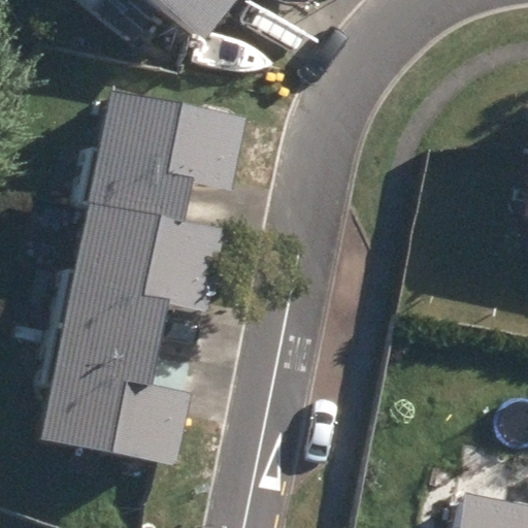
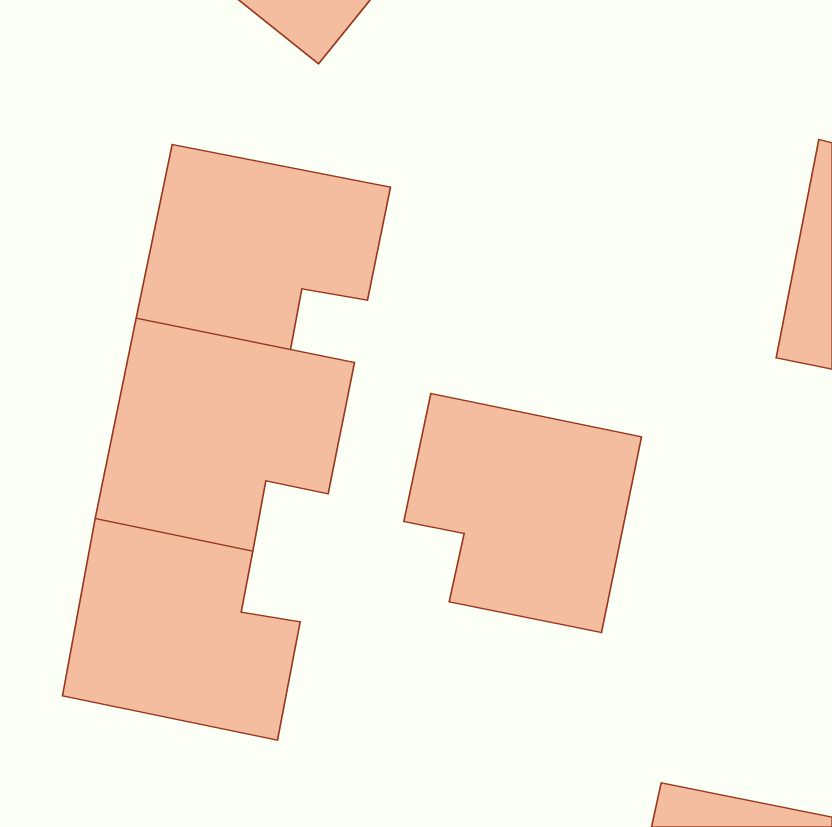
building: none -> [404,393,642,633]

